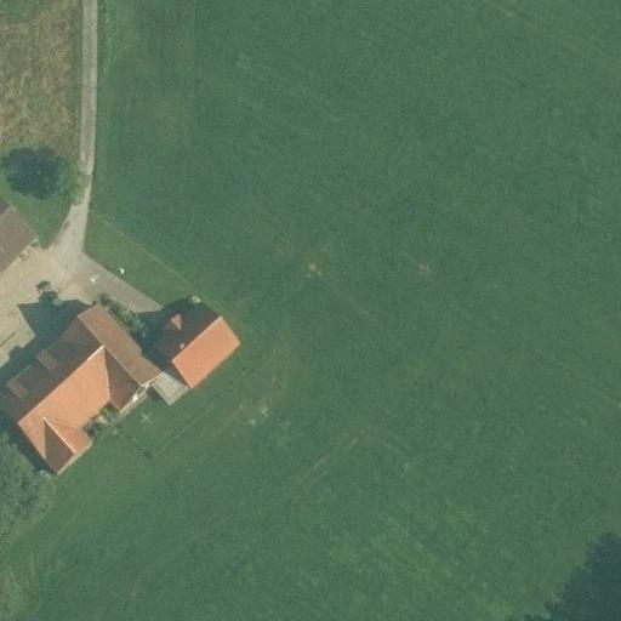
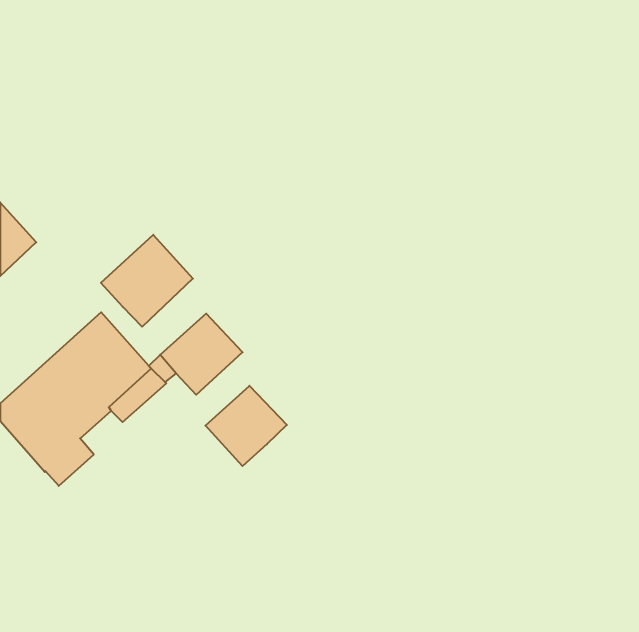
building: none -> [101,235,193,327]
building: none -> [205,386,287,466]

